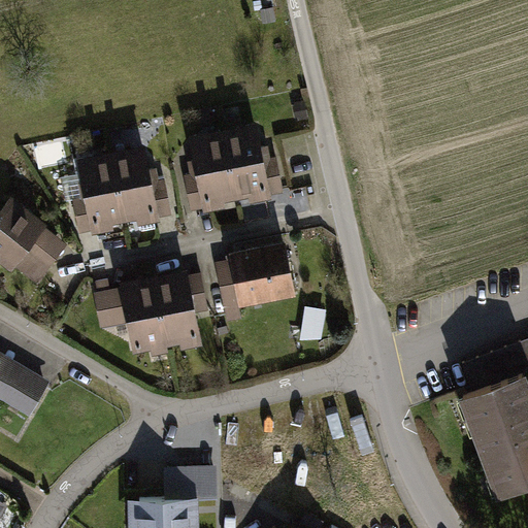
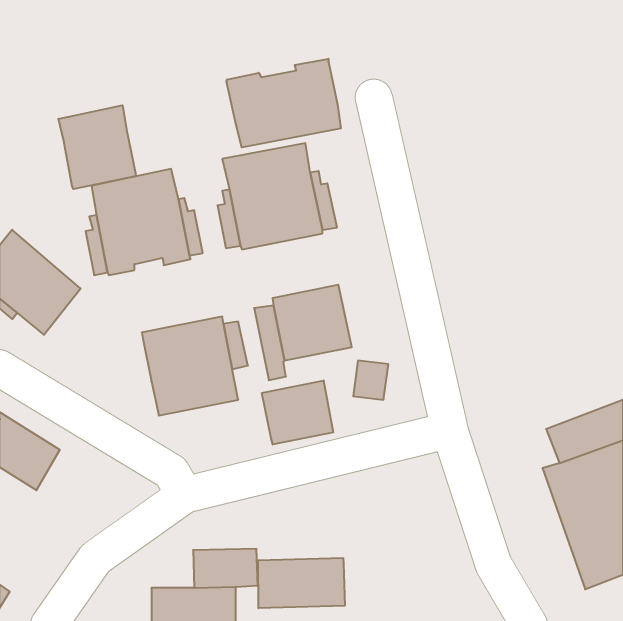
building: none -> [227,59,341,147]
building: none -> [58,105,136,189]
building: [93,289,128,330] -> none
building: none -> [262,380,333,445]
building: none -> [258,558,345,608]

